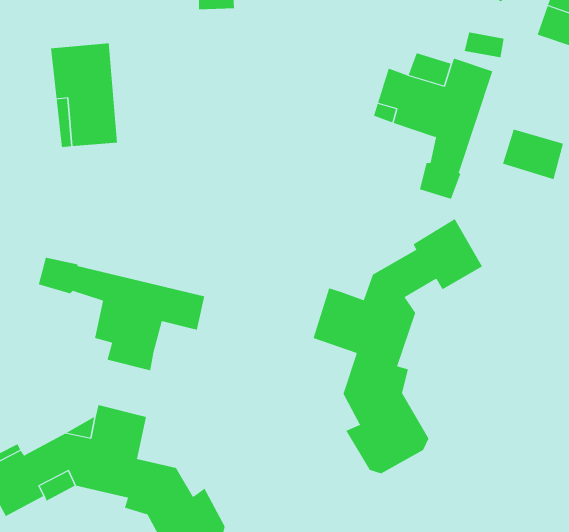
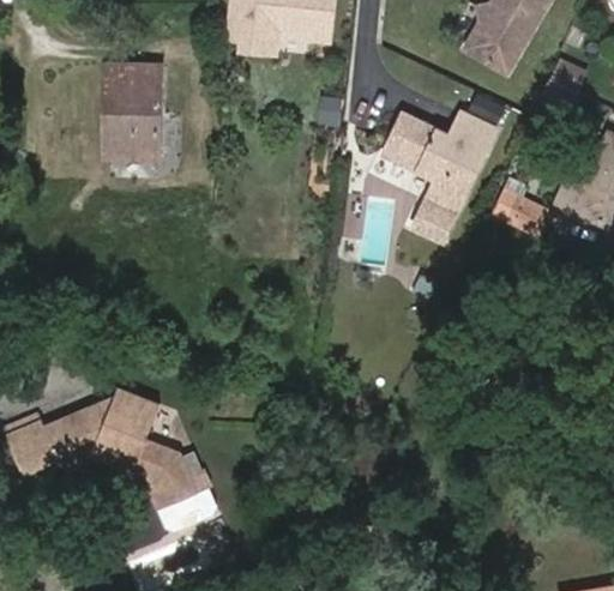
building: [313,218,483,474] -> none
building: [38,257,205,371] -> none

